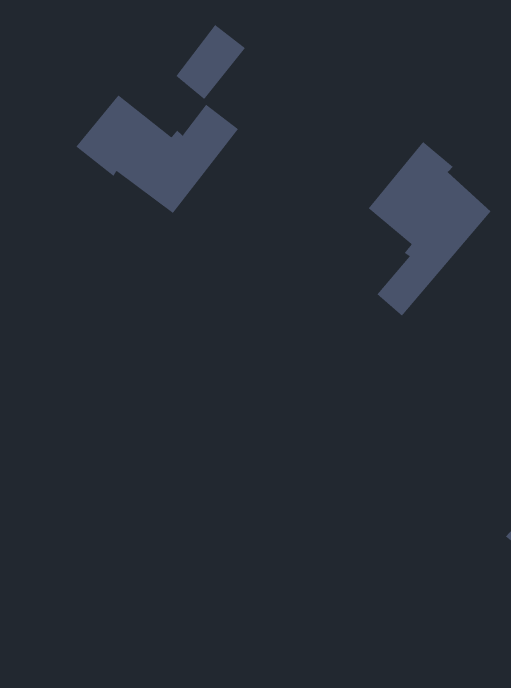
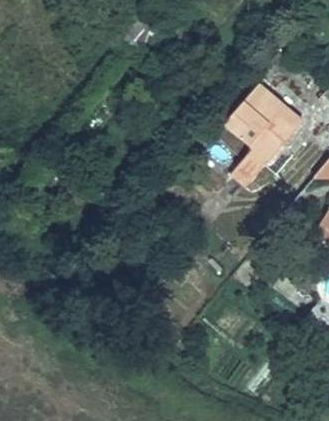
building: [75,95,239,214] -> none

